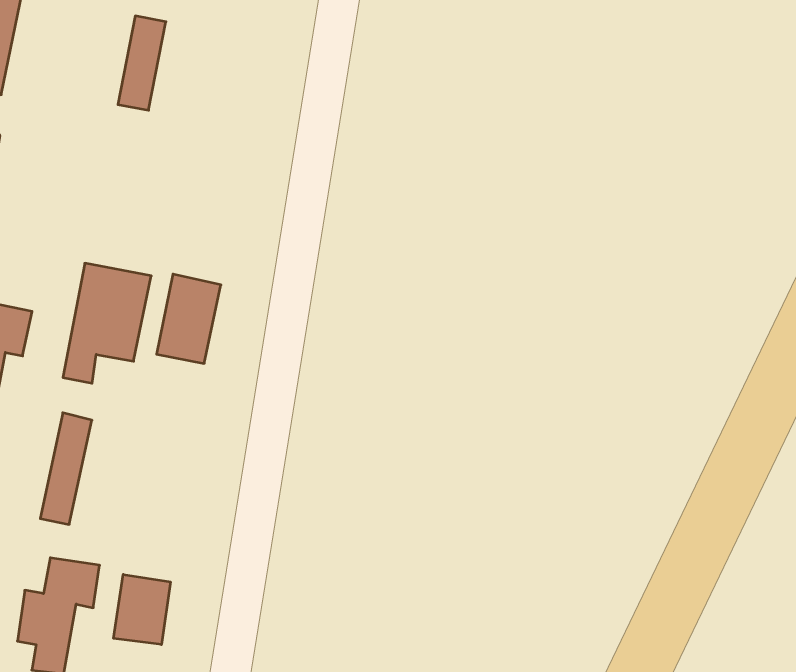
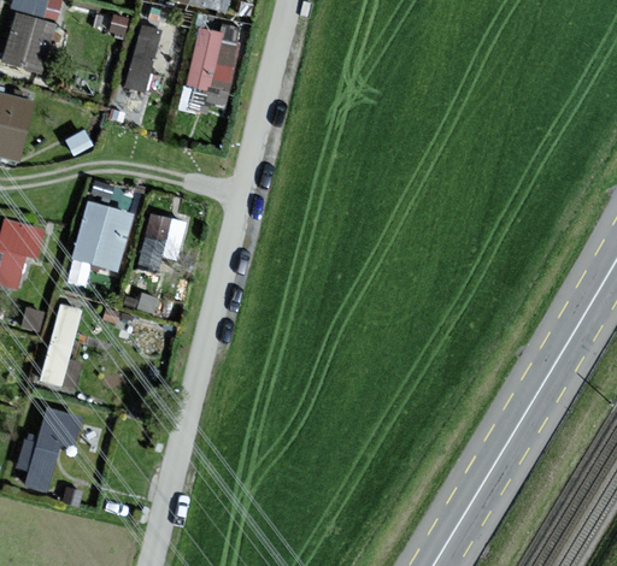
building: none -> [184,29,241,93]
building: [114,574,170,645] -> none

